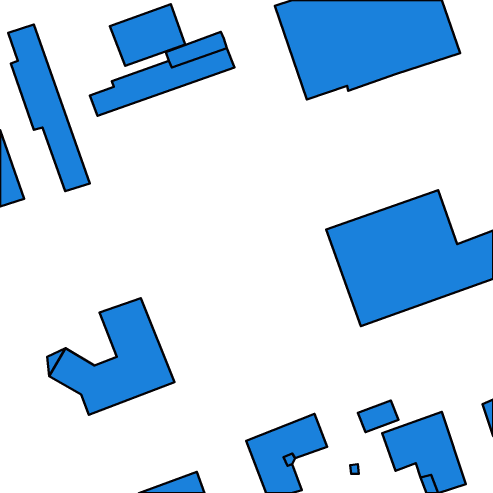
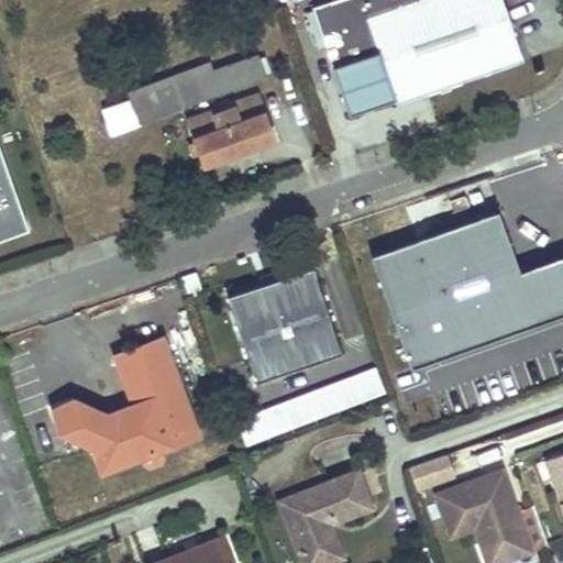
building: [110,4,185,66] -> [188,91,274,162]
building: [8,24,90,191] -> none
building: none -> [228,267,341,383]
building: none -> [236,368,386,442]

